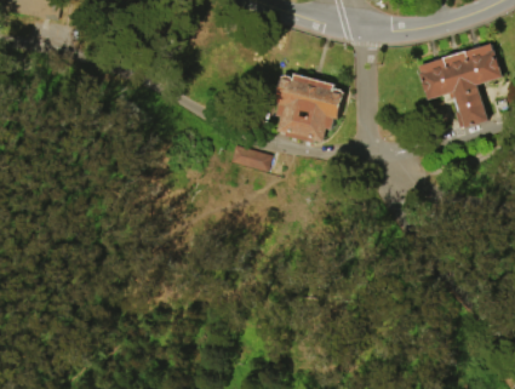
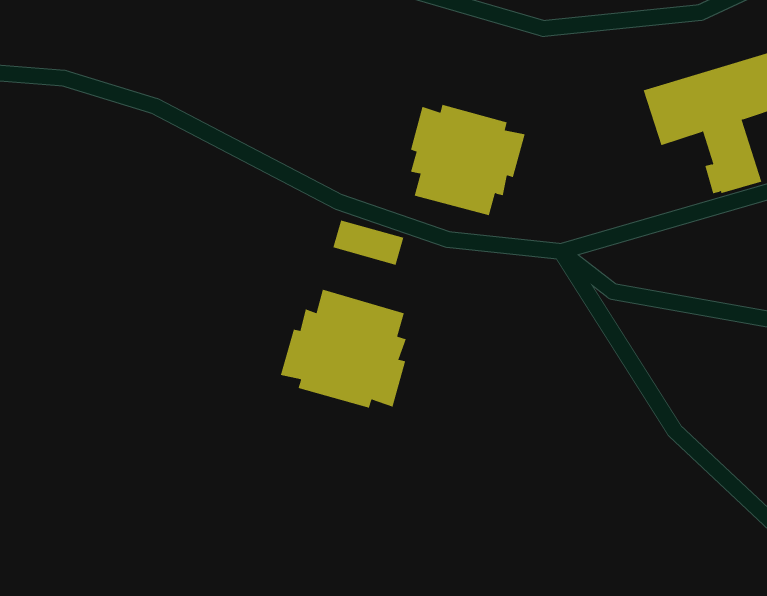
building: none -> [280,289,406,408]

